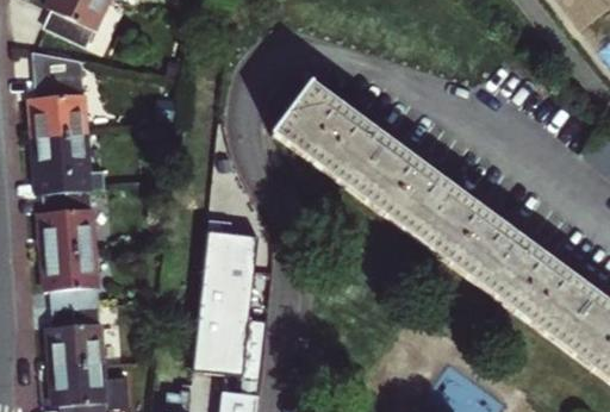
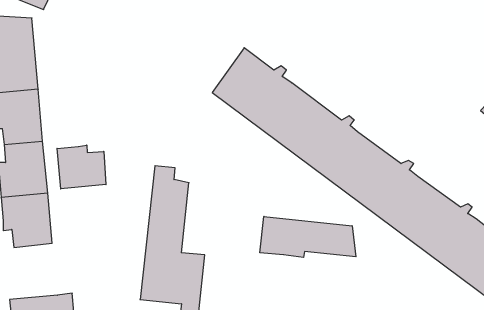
building: none -> [57,145,106,189]
building: none -> [260,216,356,257]
building: [48,306,105,369] -> none

